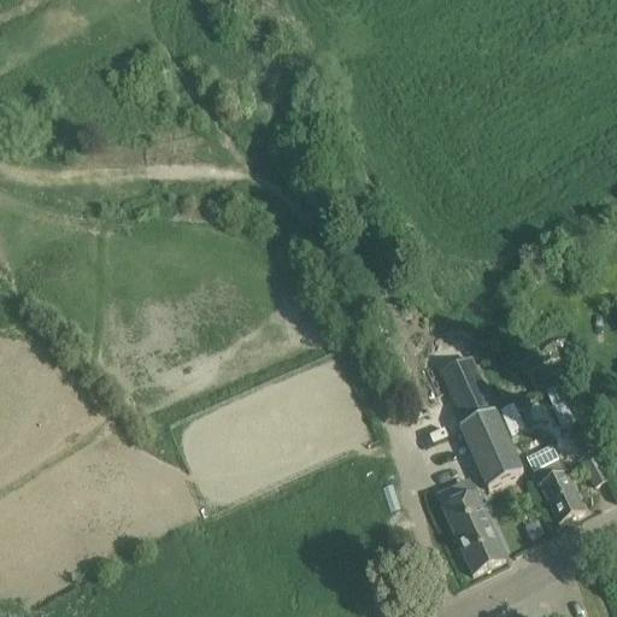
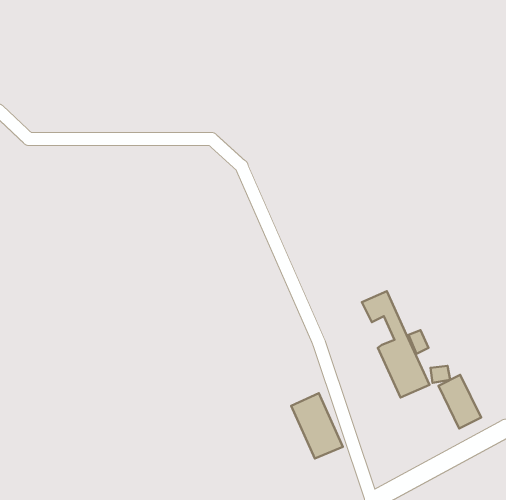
building: [441,489,504,569] -> [291,393,343,459]

